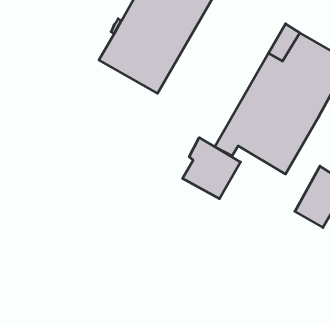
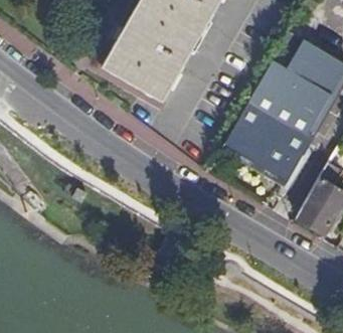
building: [183,138,241,199] -> none

